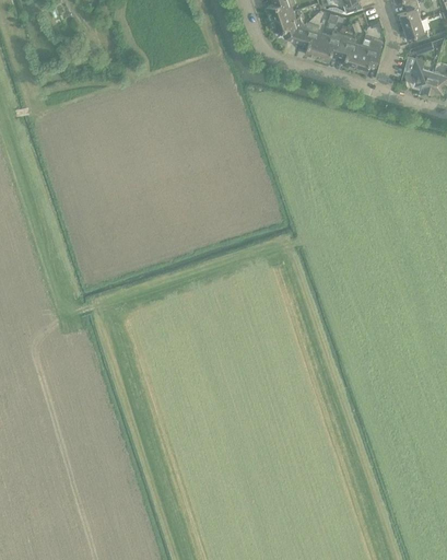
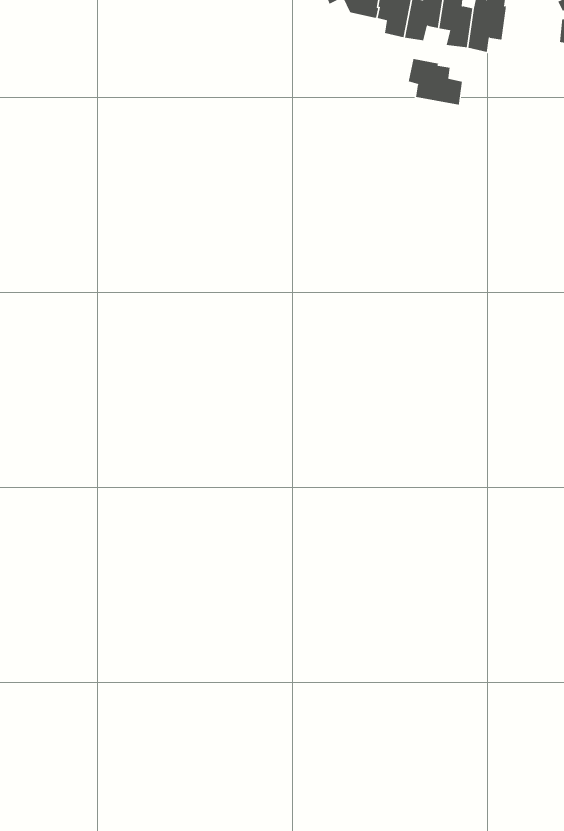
building: none -> [408,58,463,105]

